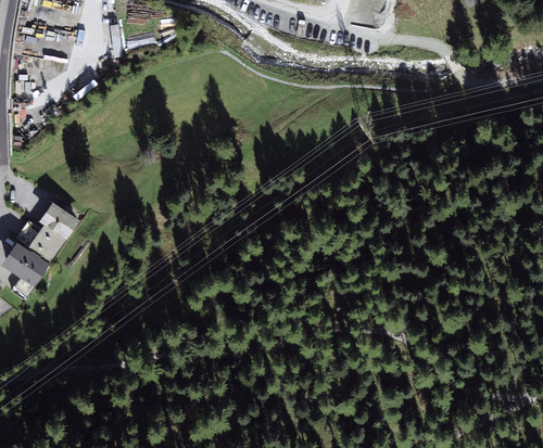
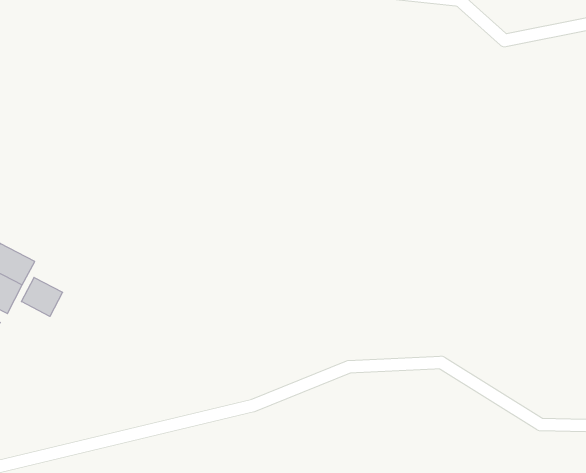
building: none -> [21,277,63,316]

